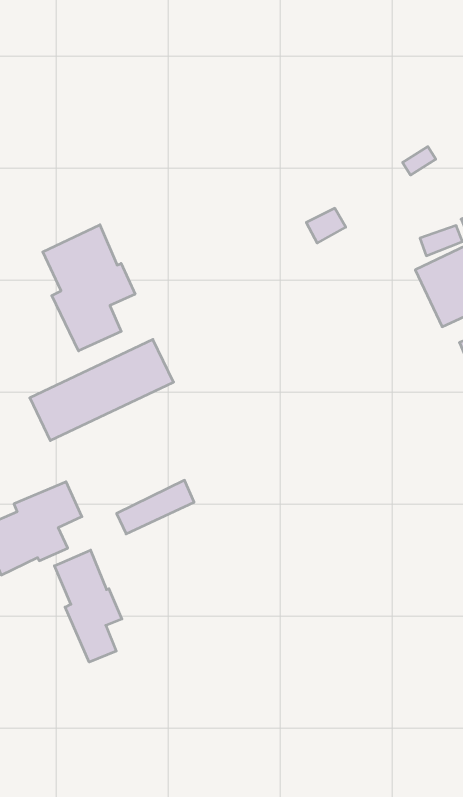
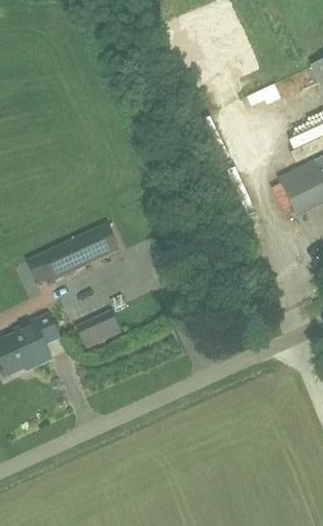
building: [43,225,135,351] -> none
building: [54,550,122,662] -> none

